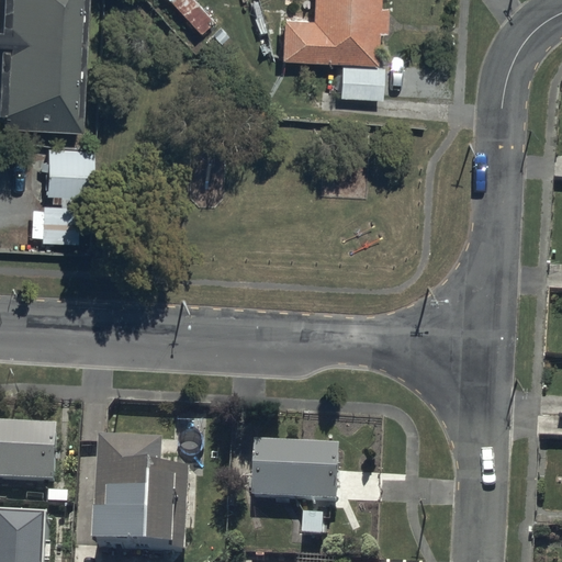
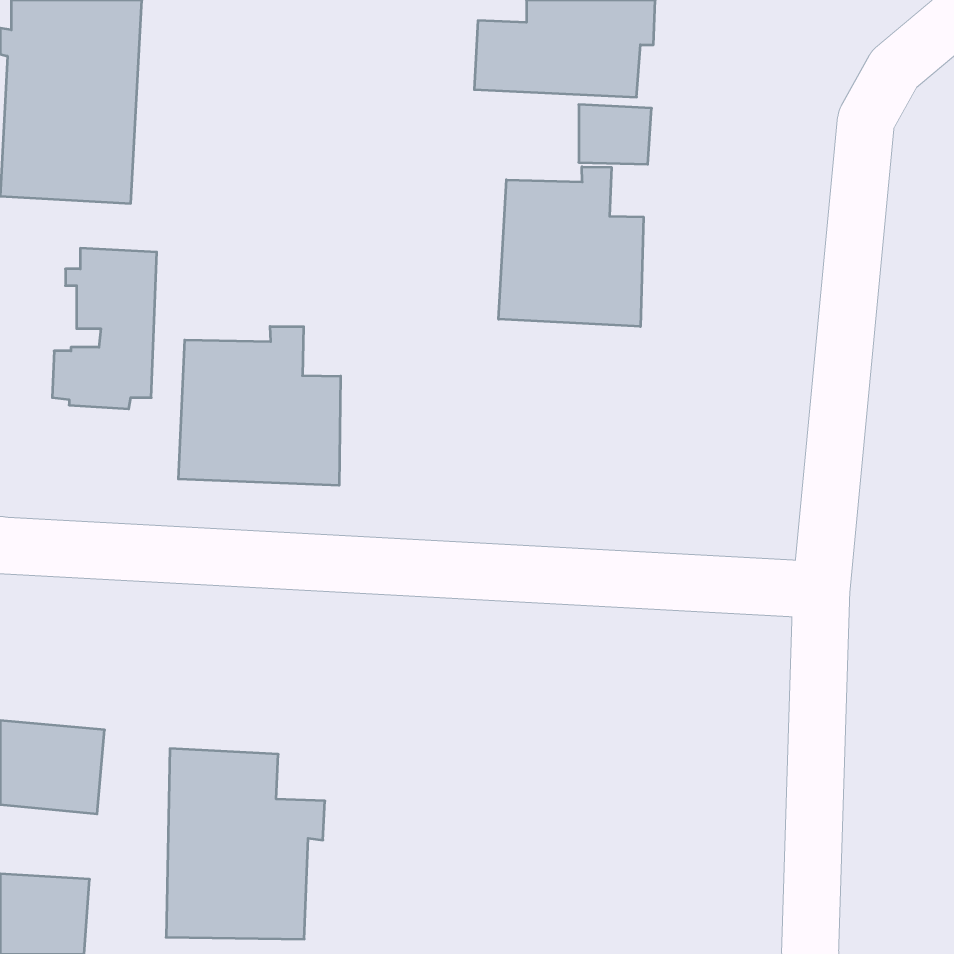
building: none -> [499,167,643,327]
building: none -> [178,326,341,485]
building: [250,441,342,505] -> none

